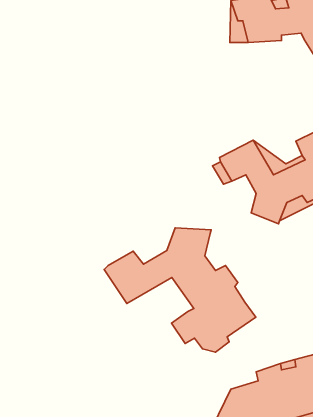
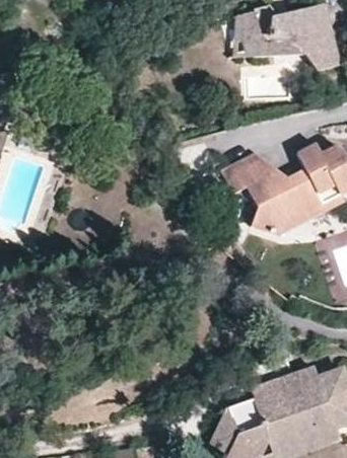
building: [104,228,256,352] -> none

